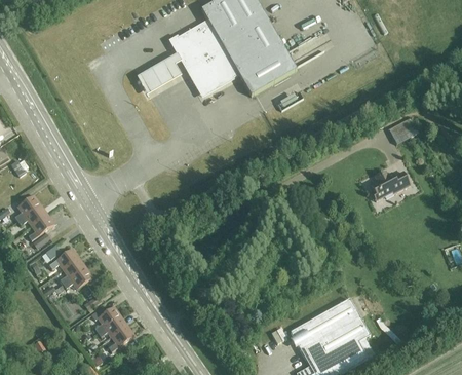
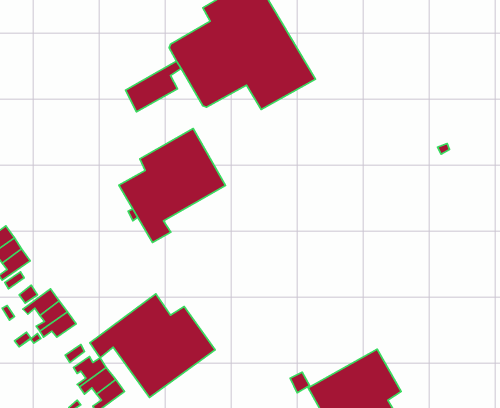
building: none -> [119,128,226,242]
building: [370,171,410,199] -> none
building: none -> [90,294,215,397]

